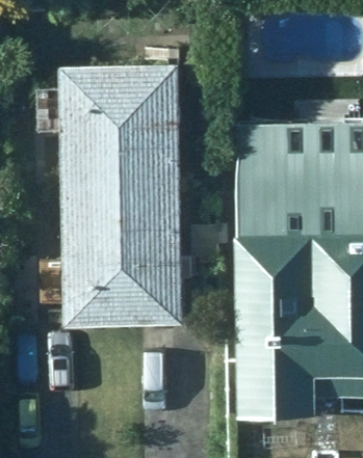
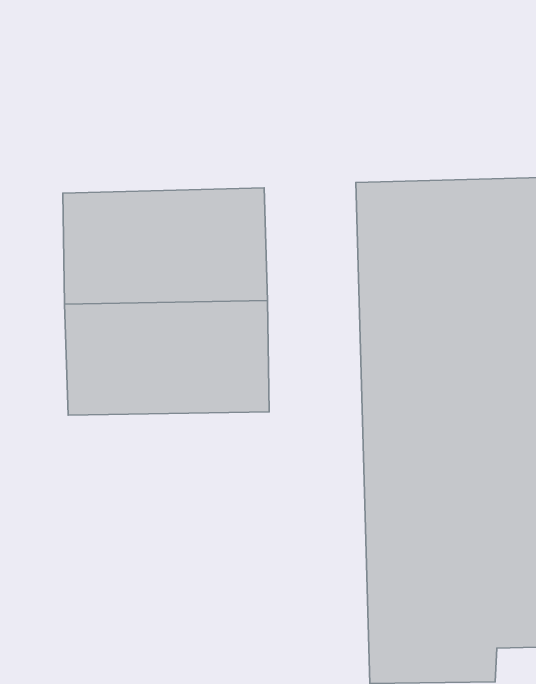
building: [56,62,177,131] -> none
building: [61,260,181,327] -> none

